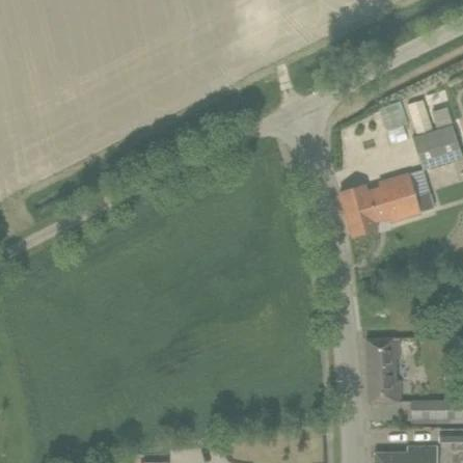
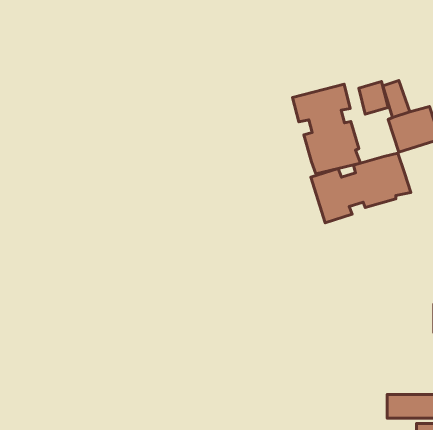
building: none -> [293,84,361,174]
building: [367,338,401,402] -> none

